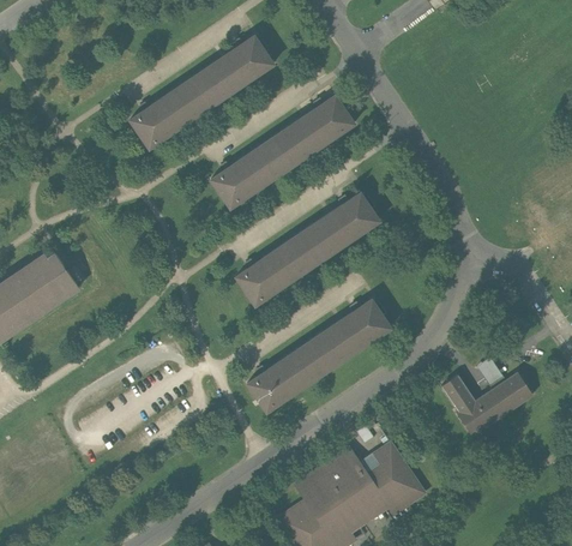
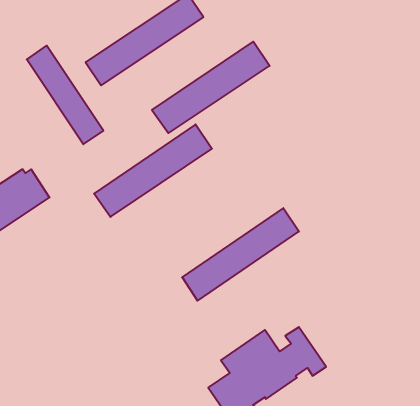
building: none -> [27,46,103,144]
building: [235,191,380,305] -> [94,124,212,217]
building: [441,373,534,437] -> none

